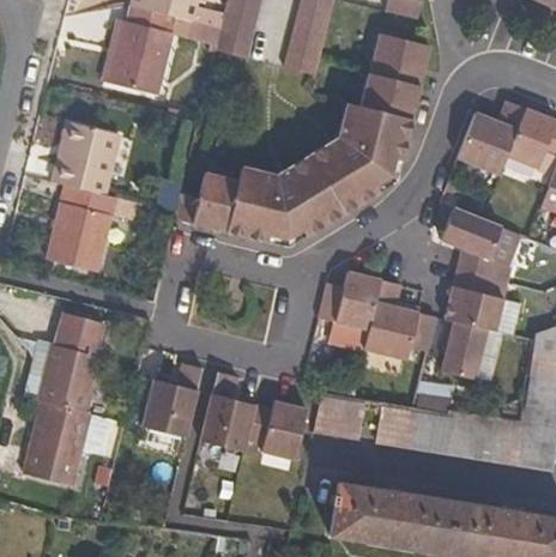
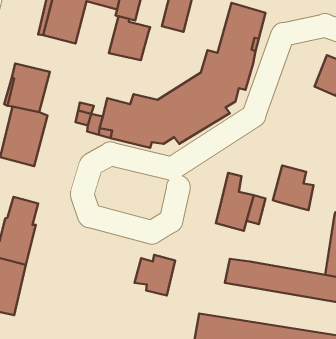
building: none -> [109,16,150,60]
building: [457,102,522,174] -> none
building: [440,207,503,278] -> none
building: [316,272,380,333] -> none
building: [437,321,486,382] -> none
building: [141,362,204,437] -> none
building: [199,371,254,452] -> none
building: [312,394,364,436] -> none

